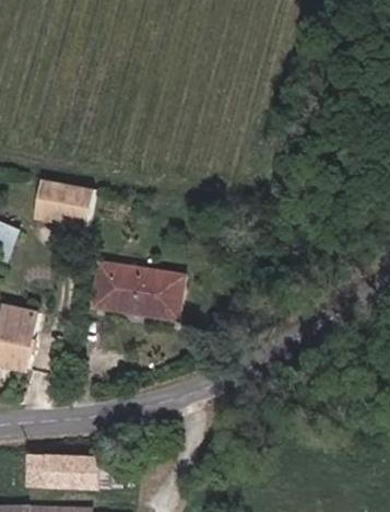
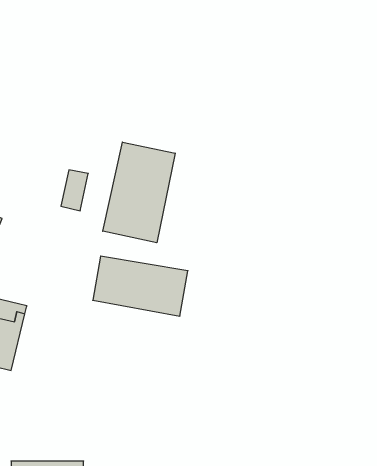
building: none -> [103,142,175,243]
building: [35,173,74,214] -> none

